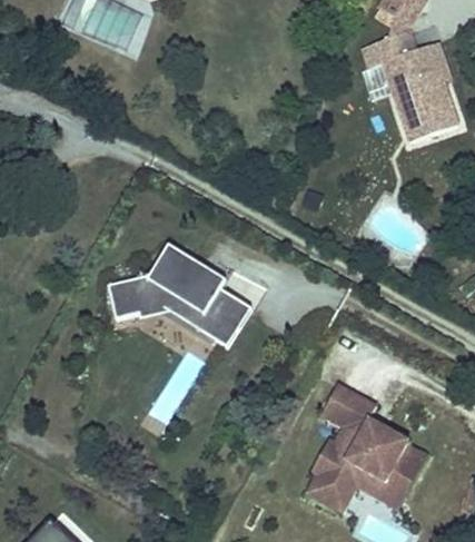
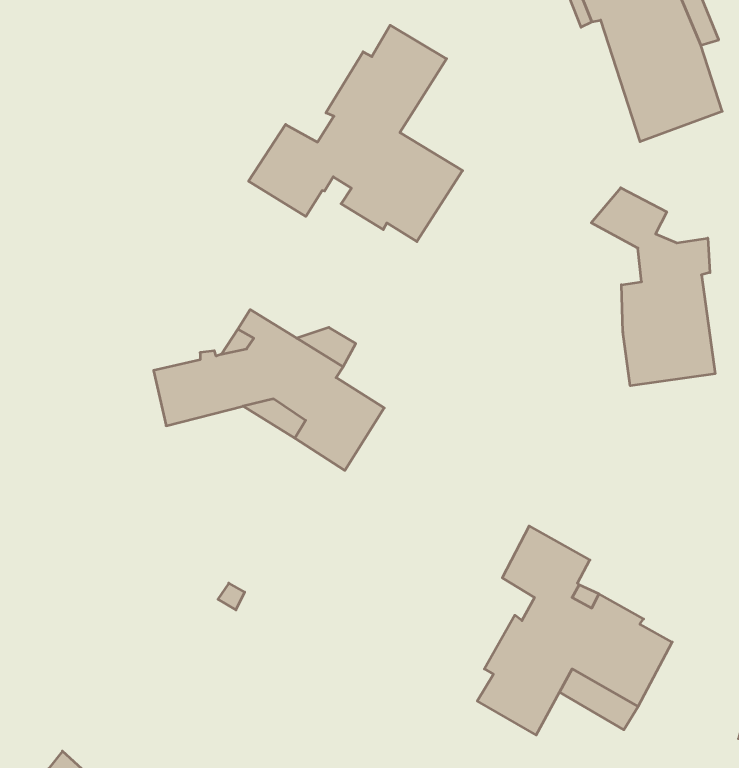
building: none -> [249,25,463,242]
building: none -> [591,188,715,386]

